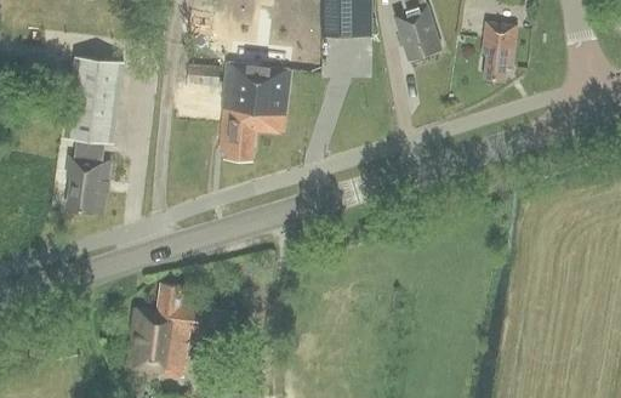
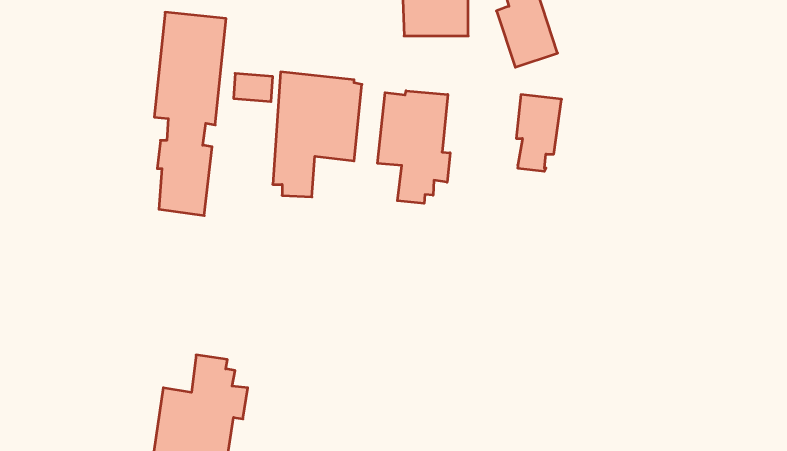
building: [482,21,517,80] -> [516,95,562,171]
building: [63,55,119,212] -> [154,12,226,216]
building: none -> [378,91,450,203]

